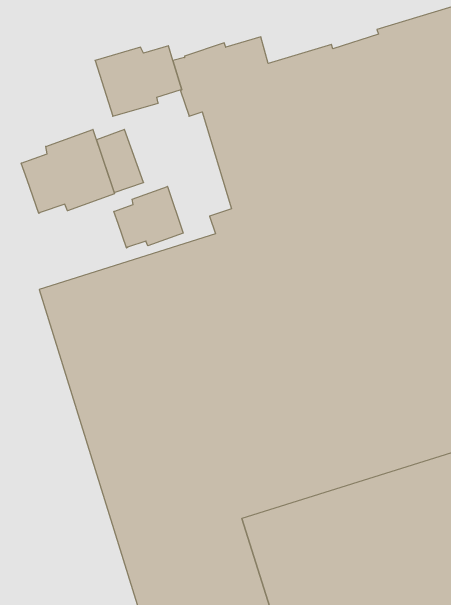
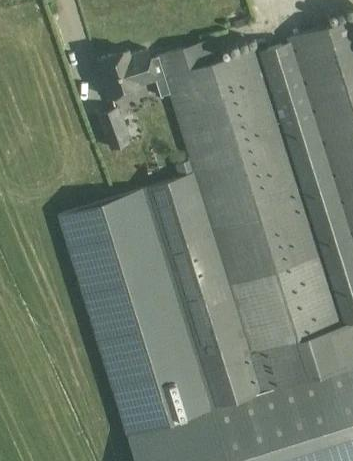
building: [21,129,115,213] -> none
building: [114,186,183,248] -> none

